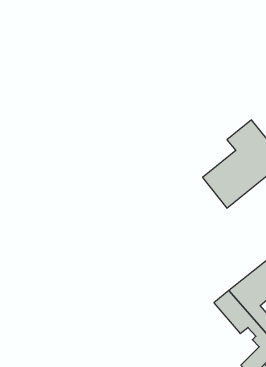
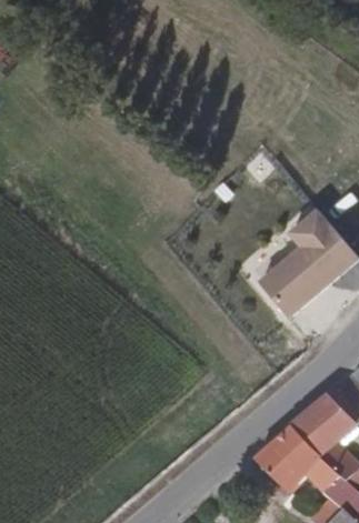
building: none -> [255,440,307,487]

